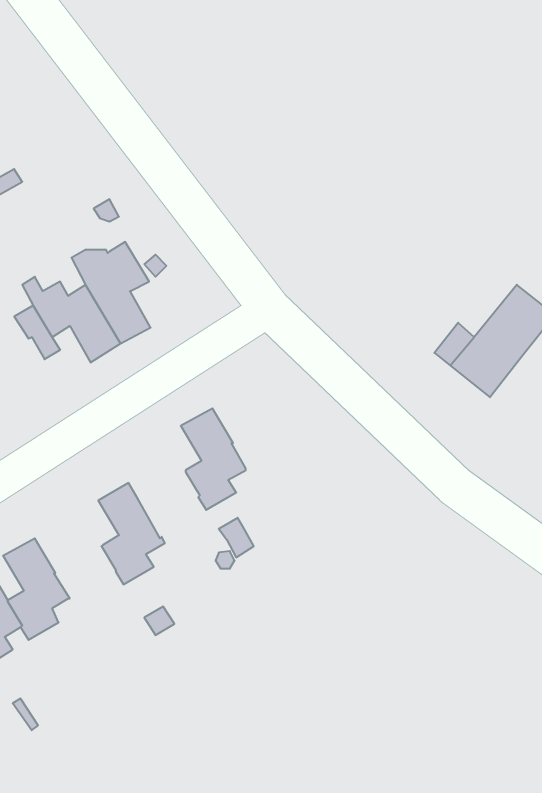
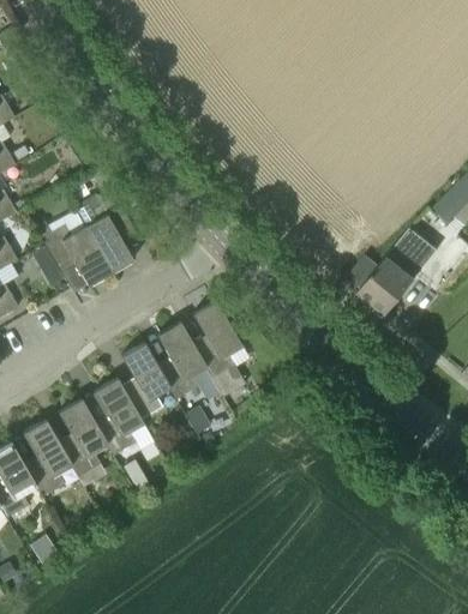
building: none -> [191,300,244,396]
building: none -> [120,342,169,420]
building: none -> [56,398,106,476]

